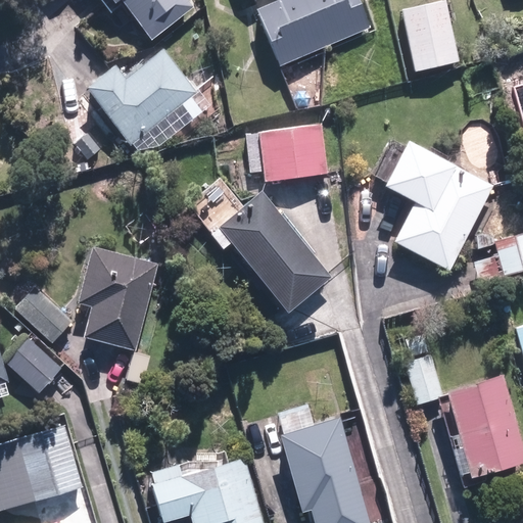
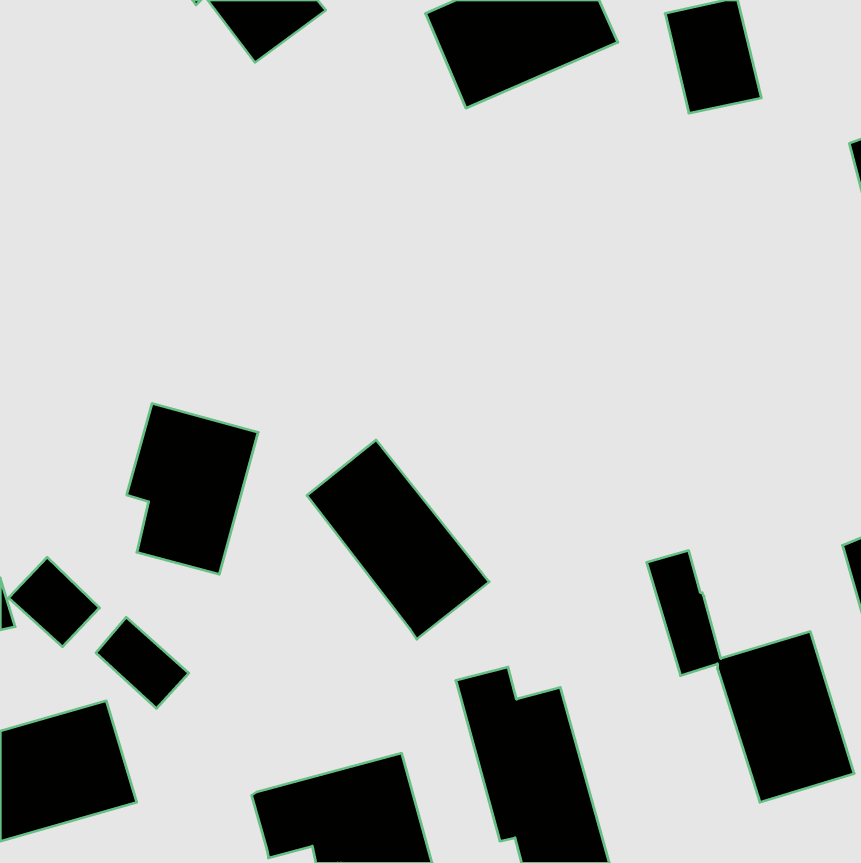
building: [89,49,199,143] -> none
building: [258,124,326,183] -> none
building: [377,146,488,277] -> none
building: [222,190,332,311] -> [307,440,489,639]
building: [16,288,73,343] -> [96,617,189,708]

